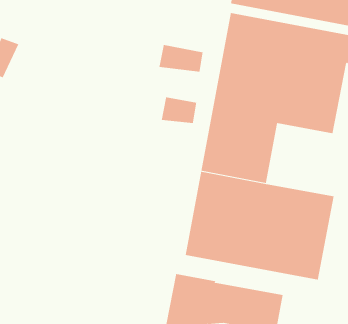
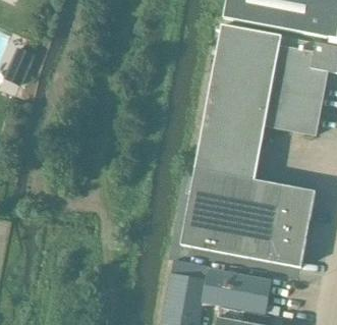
building: [159,44,203,73] -> none
building: [161,96,197,124] -> none

